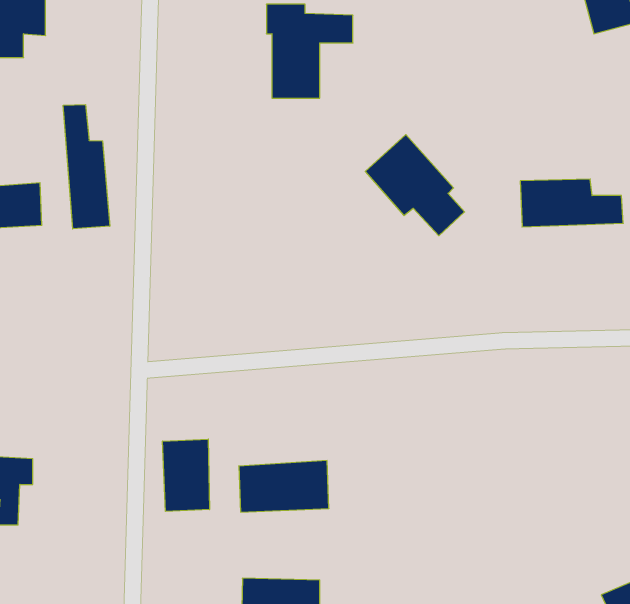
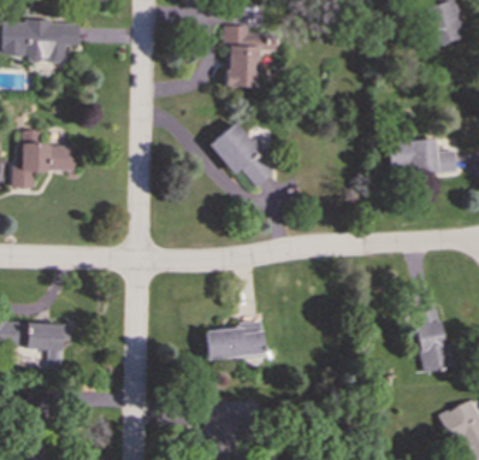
building: [63,105,110,229] -> none
building: [365,135,465,236] -> [208,120,273,187]
building: none -> [414,309,454,371]
building: [163,439,209,511] -> none

